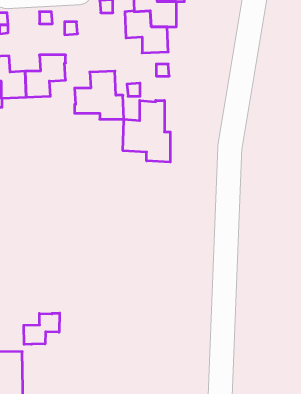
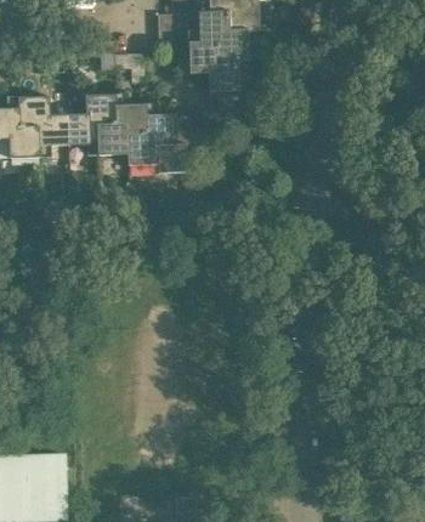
building: none -> [97,104,147,155]
building: [123,100,170,162] -> none
building: [24,313,60,344] -> none

